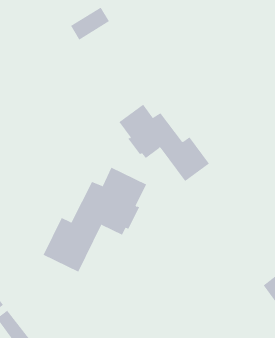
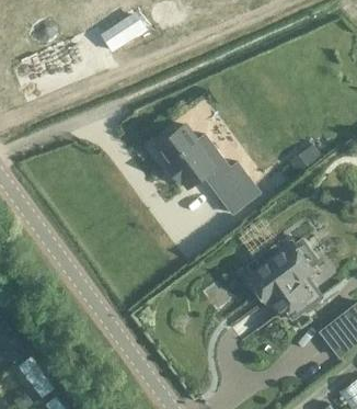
building: [43,167,147,273] -> none
building: none -> [247,238,321,317]

